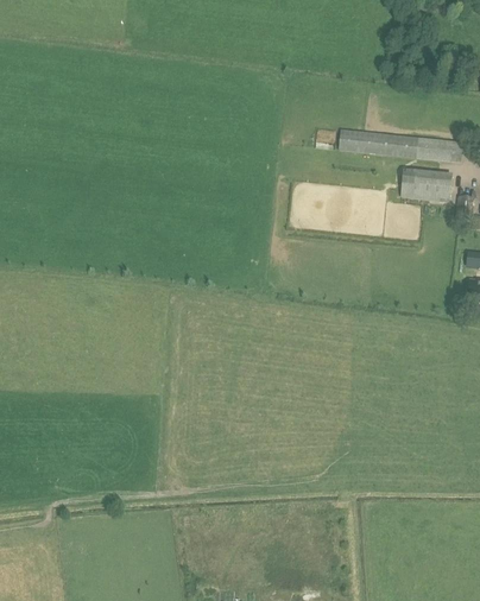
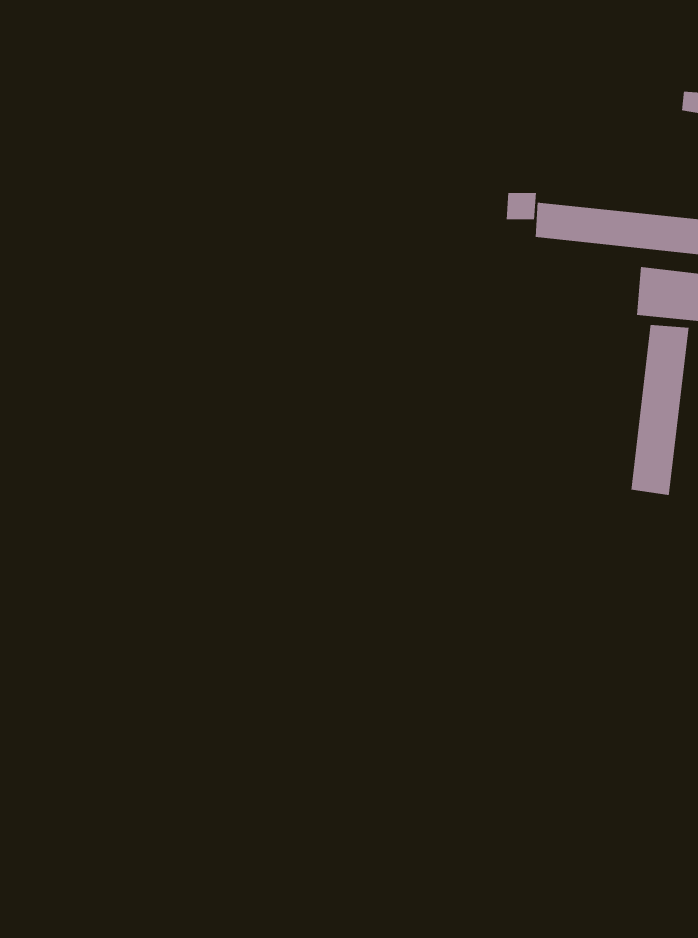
building: none -> [631,324,689,496]

